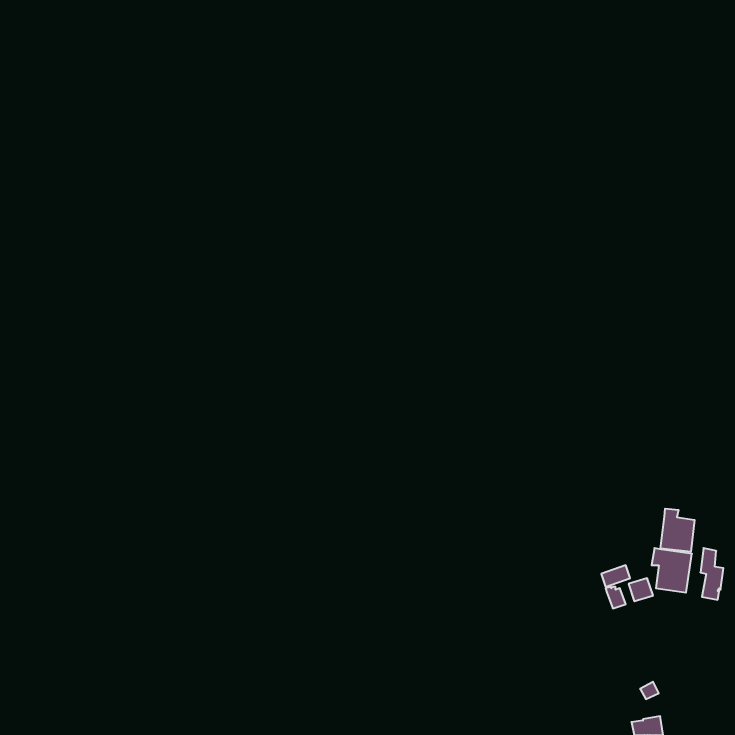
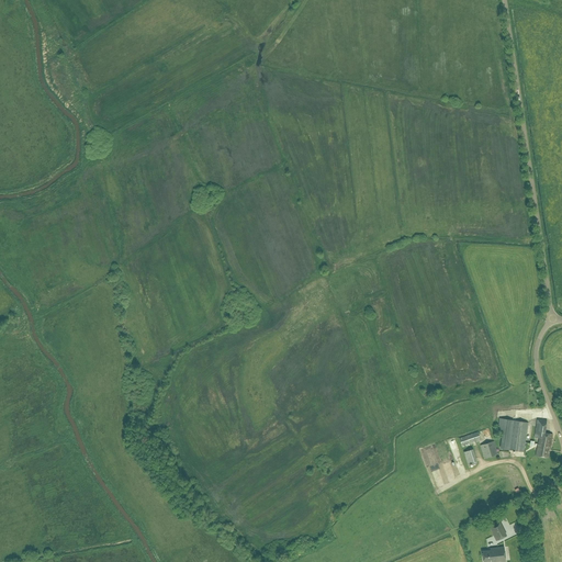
building: [661,509,695,552] -> none

